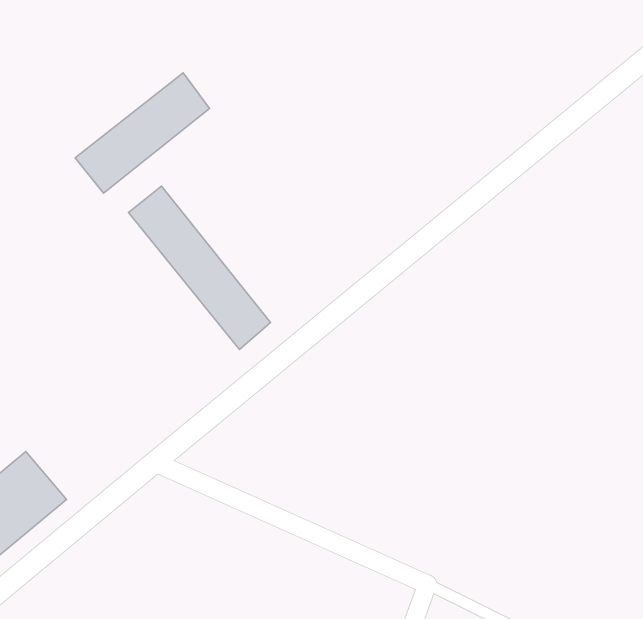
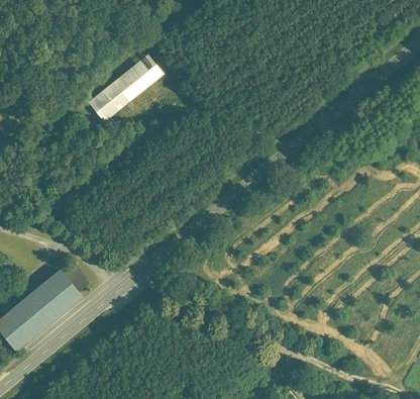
building: [129,186,270,349] -> none

